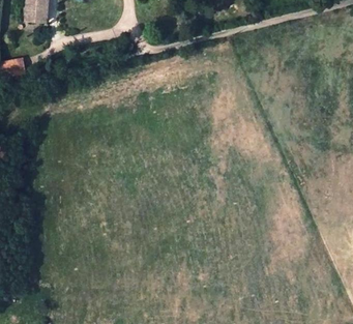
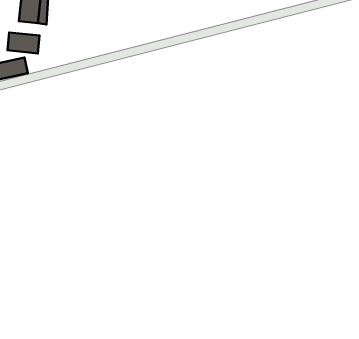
building: none -> [8,32,40,53]

